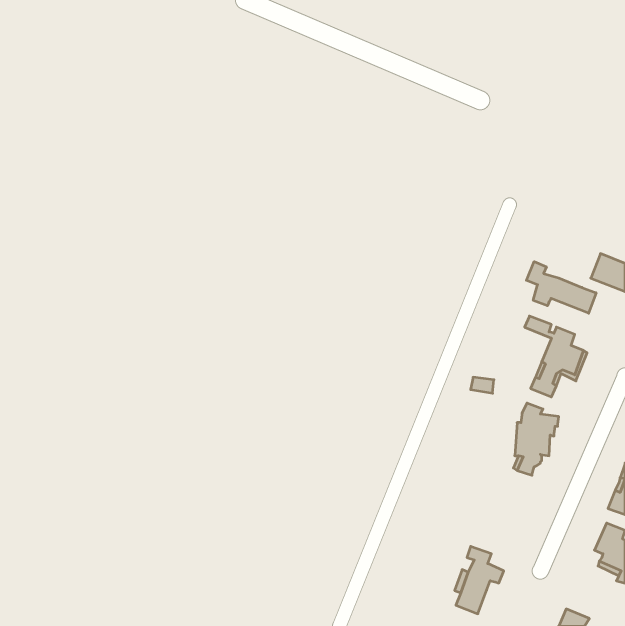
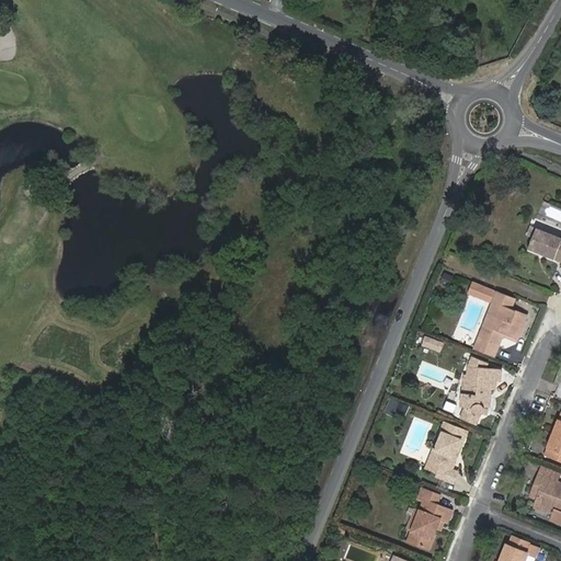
building: [526,262,596,313] -> none
building: none -> [426,424,467,484]

